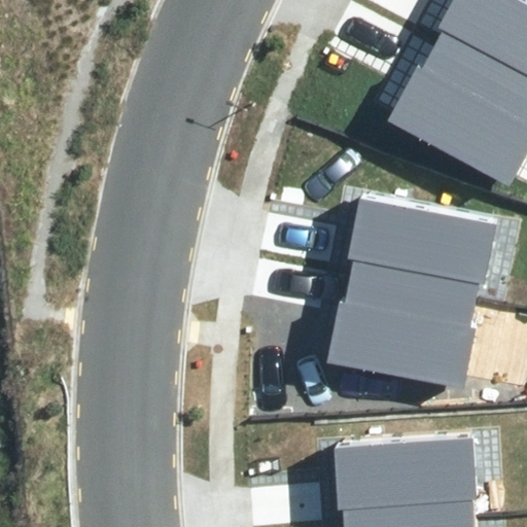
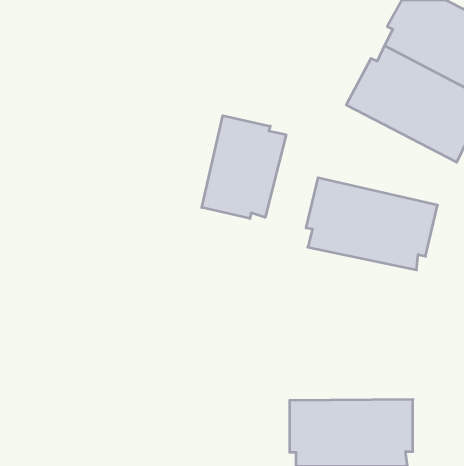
building: none -> [202,116,286,219]
building: [326,279,477,384] -> none

